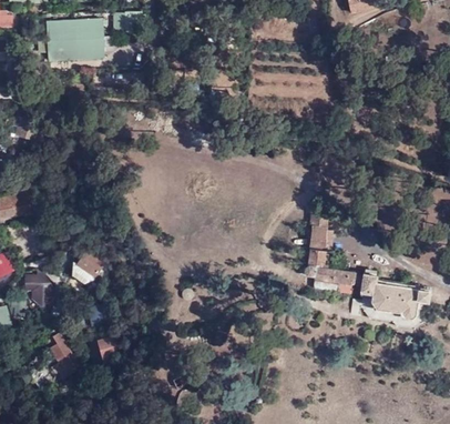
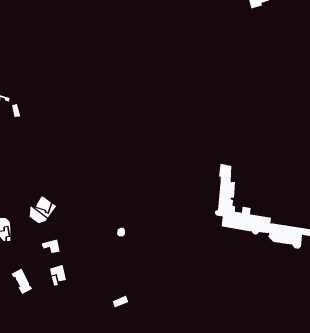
building: [43,18,103,60] -> none

